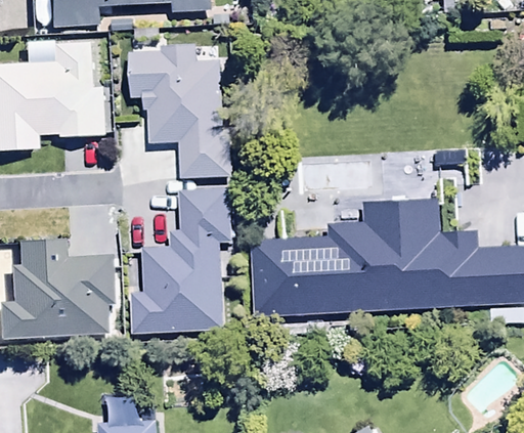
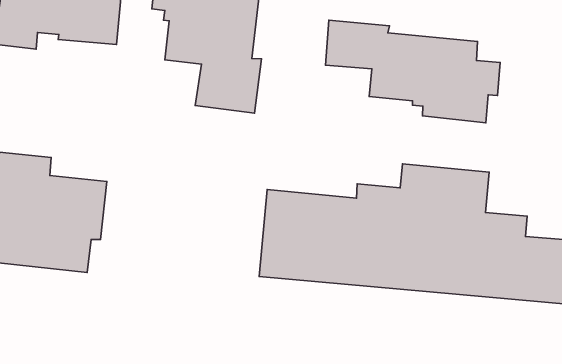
building: none -> [326,20,500,123]
building: [128,188,231,333] -> none

